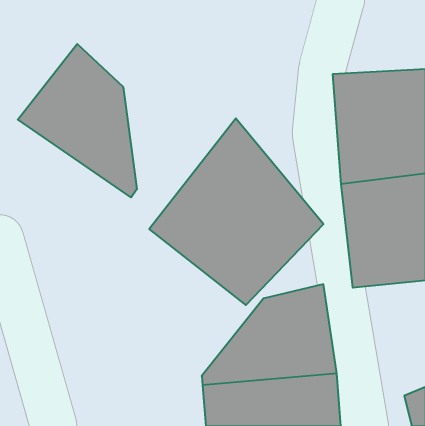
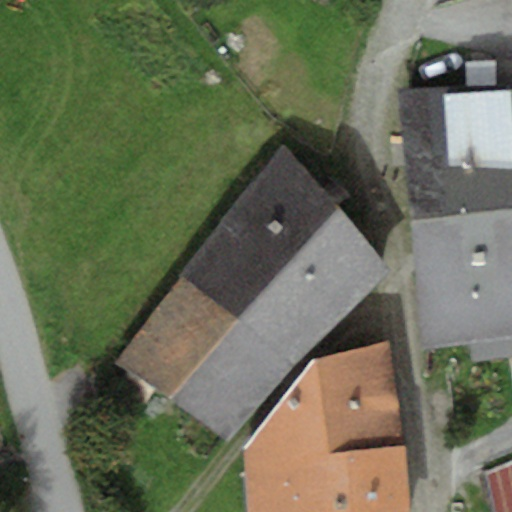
building: [18,44,137,197] -> none
building: none -> [113,275,296,441]

